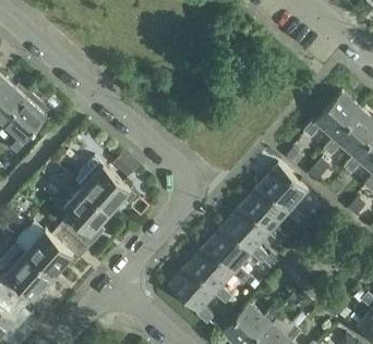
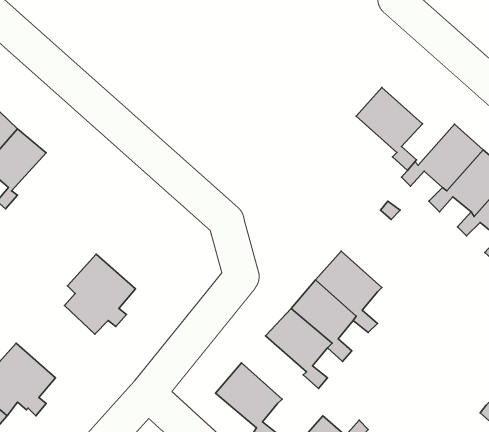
building: [74,158,135,212] -> none
building: [260,164,308,224] -> [356,87,423,171]
building: [25,224,82,277] -> none
building: [188,246,234,304] -> none

